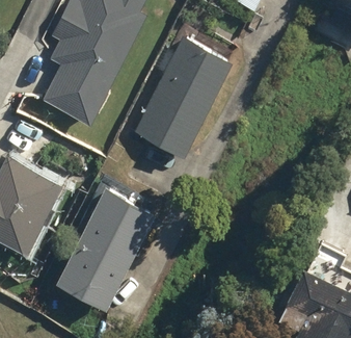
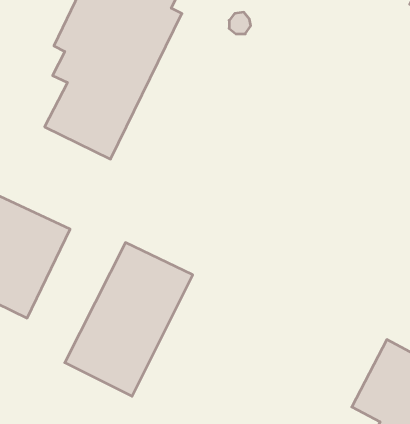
building: [133,36,234,158] -> none

